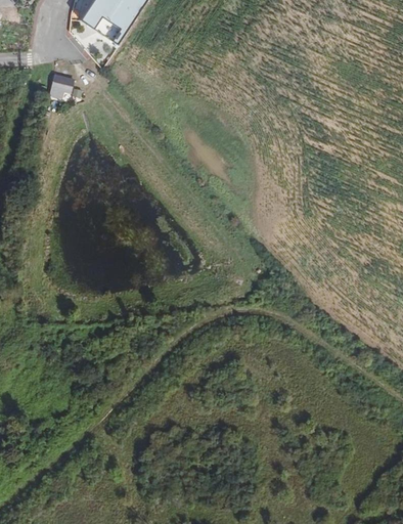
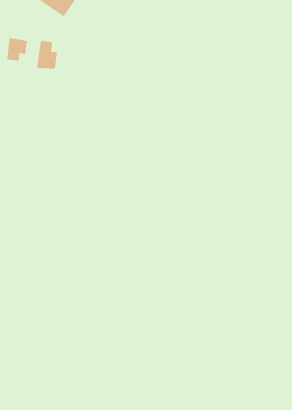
building: none -> [37,40,57,69]

